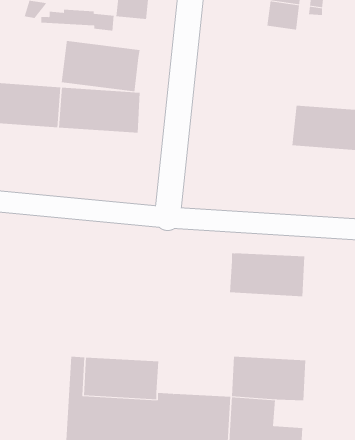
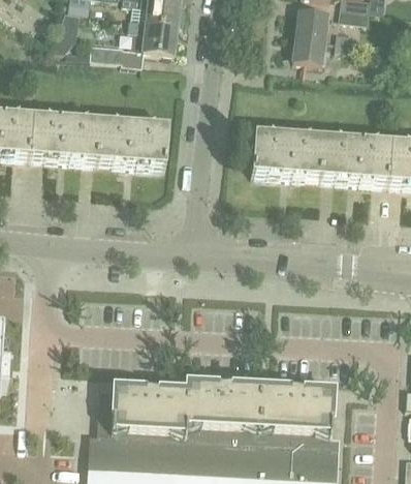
building: [61,40,140,92] -> none
building: none -> [253,127,323,173]
building: [229,253,305,297] -> [186,379,261,422]
building: none -> [302,425,331,453]

